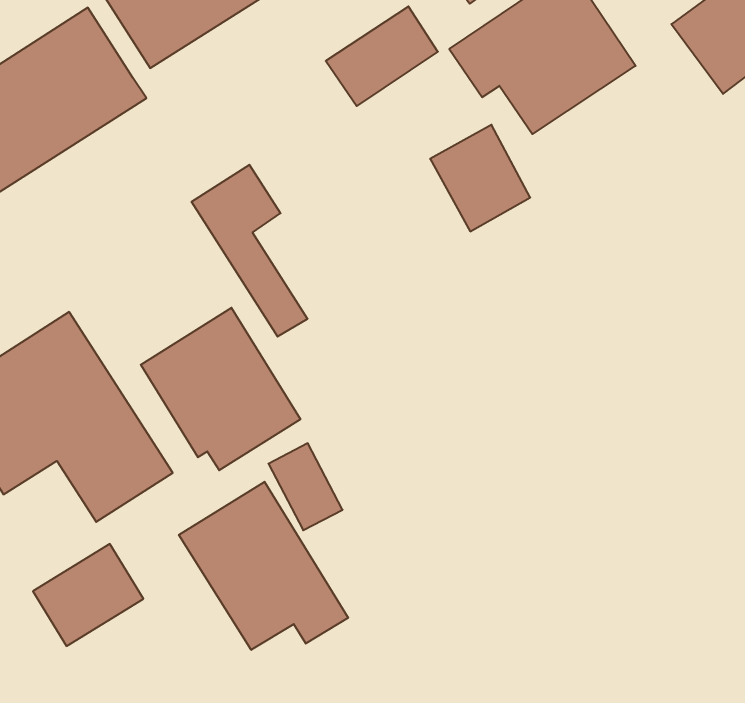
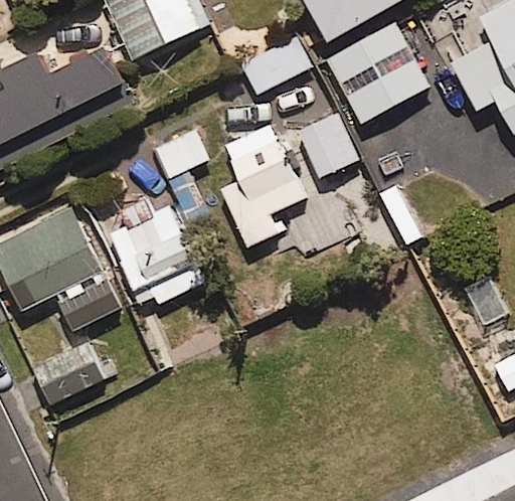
building: none -> [222,126,303,245]
building: [179,482,348,650] -> none

